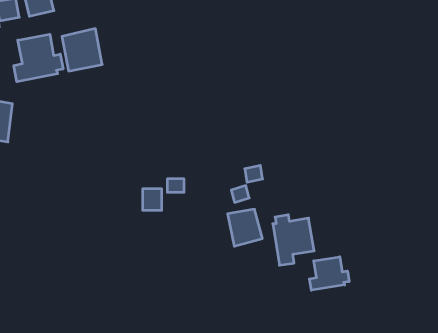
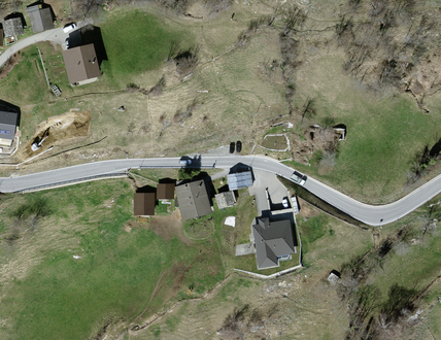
building: [14,34,63,82] -> none
building: [228,209,262,246] -> [177,181,209,215]
building: [309,257,349,290] -> none

